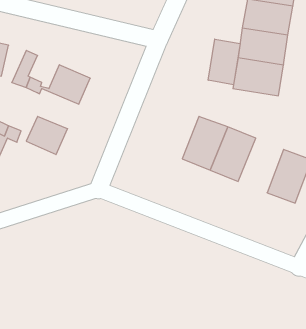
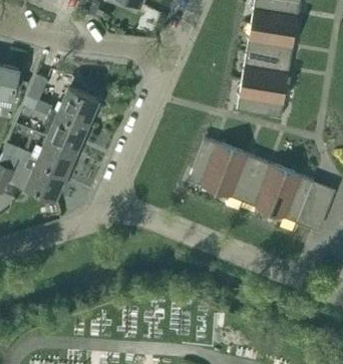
building: [208,39,240,85] -> none
building: none -> [44,112,88,151]
building: none -> [243,160,287,214]
building: none -> [27,163,66,200]

